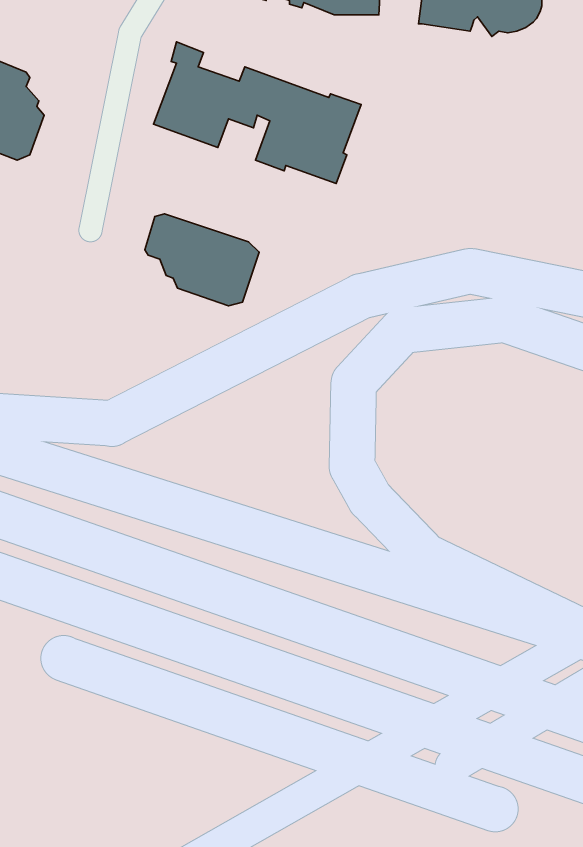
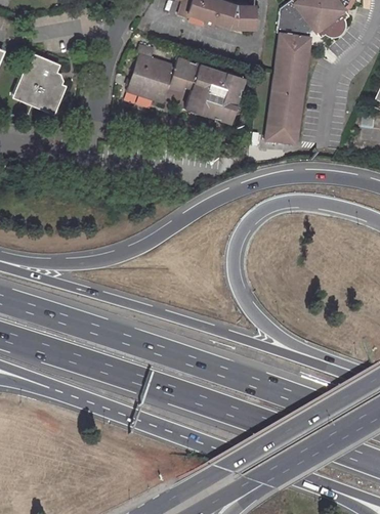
building: none -> [265,33,311,144]
building: [145,214,259,306] -> none

